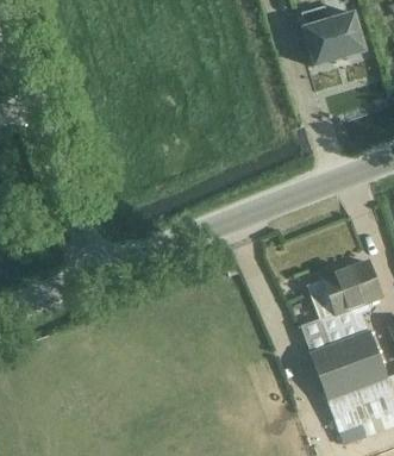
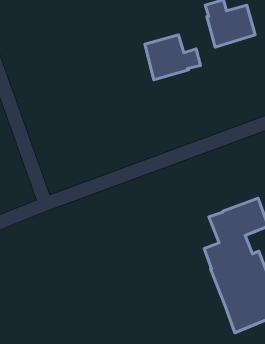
building: none -> [145,35,200,80]

